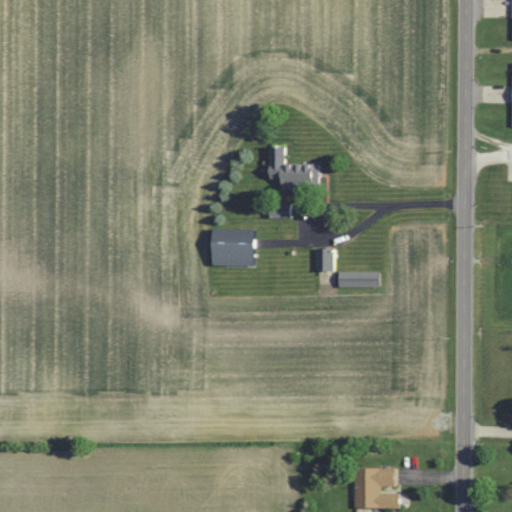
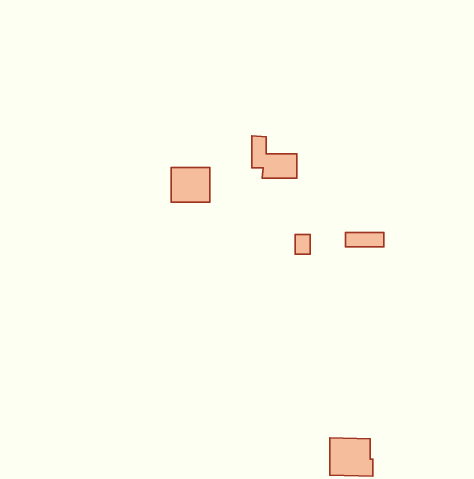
building: [212,229,253,266] -> [171,167,210,202]
building: [337,272,378,287] -> [345,233,384,247]

